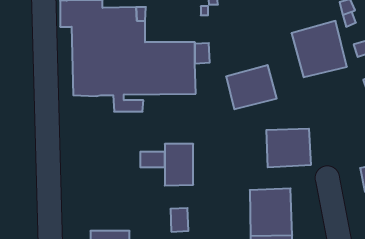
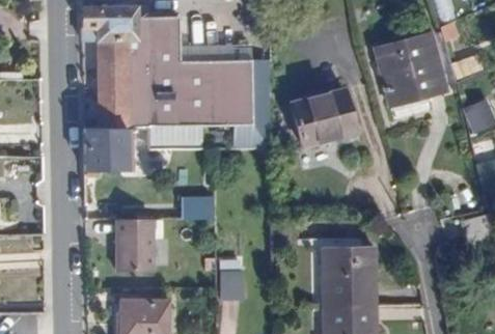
building: none -> [83,128,127,171]
building: [266,129,311,167] -> none
building: [165,144,193,186] -> [116,219,153,272]

